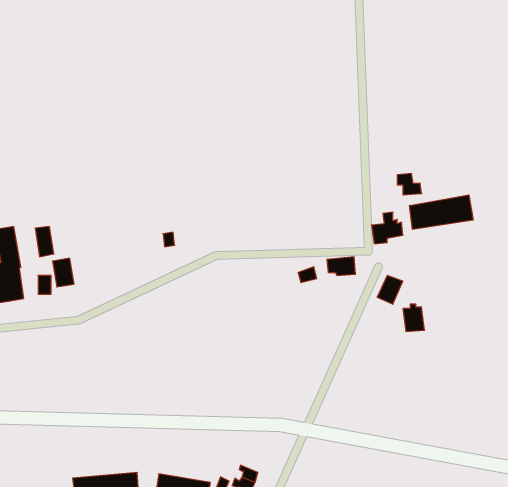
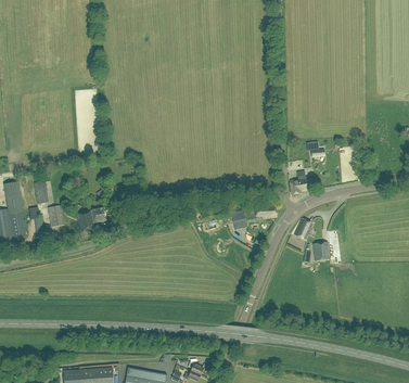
building: [410,195,473,229] -> none
building: none -> [76,207,105,232]

